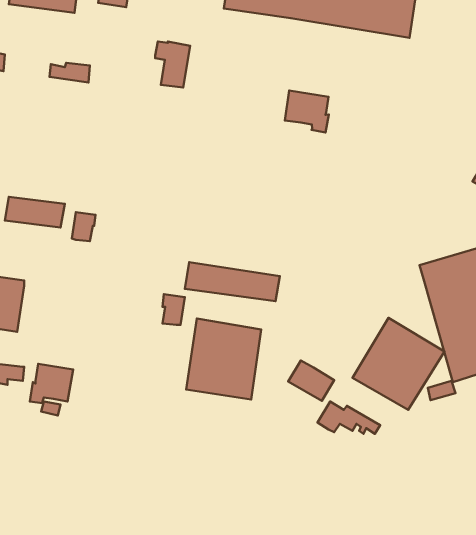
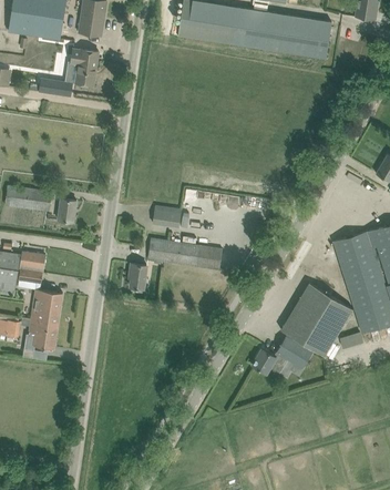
building: [155,42,190,88] -> [71,49,99,85]
building: [285,90,329,133] -> none
building: none -> [153,206,182,227]
building: none -> [19,252,63,324]
building: [186,318,261,400] -> none
building: [288,361,334,401] -> [276,336,312,368]

